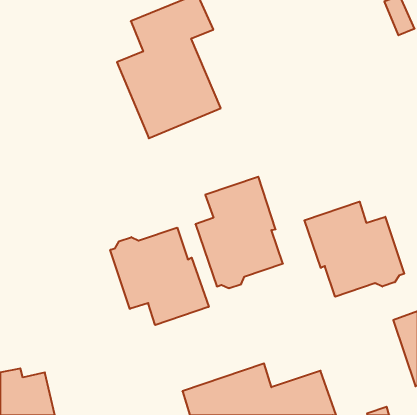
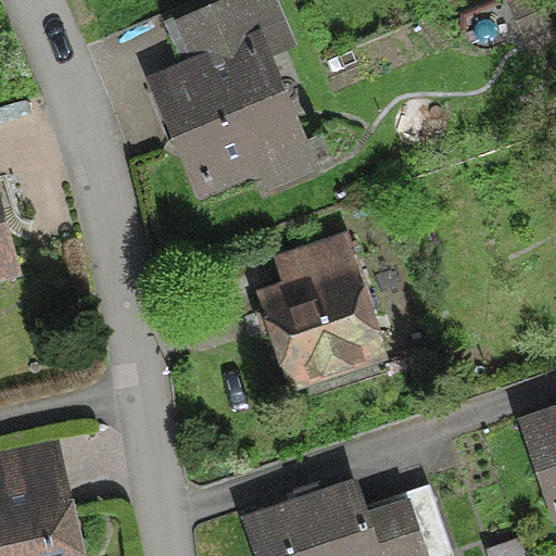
building: [304,202,404,297] -> none
building: [110,228,209,325] -> none

